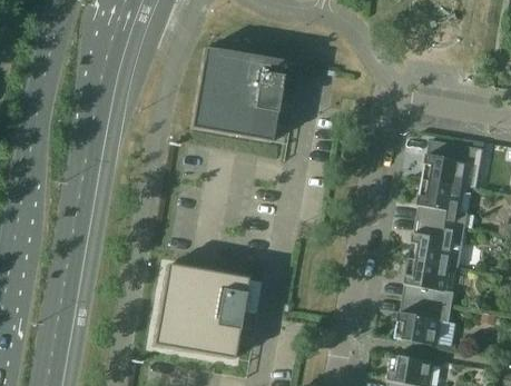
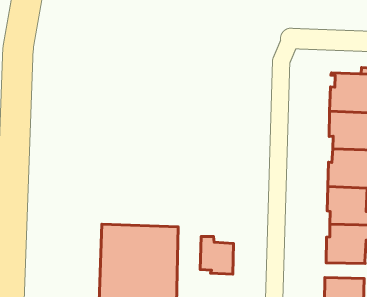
building: [190,46,285,141] -> none
building: none -> [200,236,233,274]

